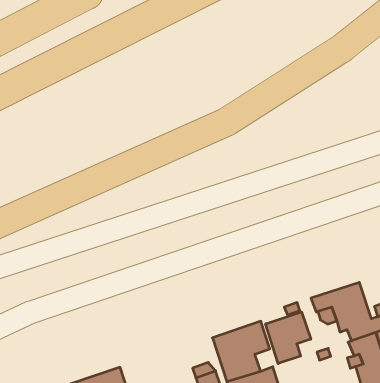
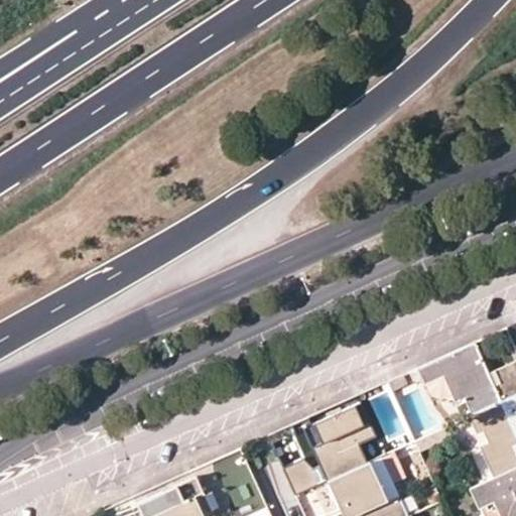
building: [266,312,311,364] -> none

